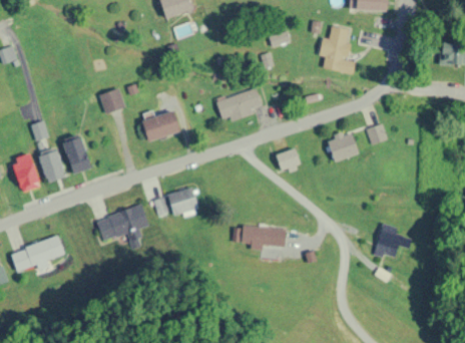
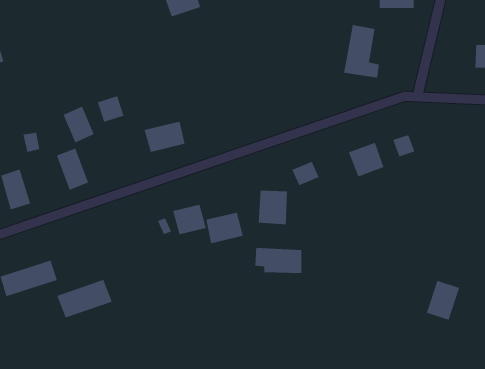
building: [216,88,263,121] -> none
building: [37,148,66,183] -> [63,106,95,143]
building: none -> [258,190,288,225]
building: none -> [205,212,244,244]
building: [95,206,146,242] -> [56,279,113,319]
building: [373,224,404,261] -> [426,280,460,321]

